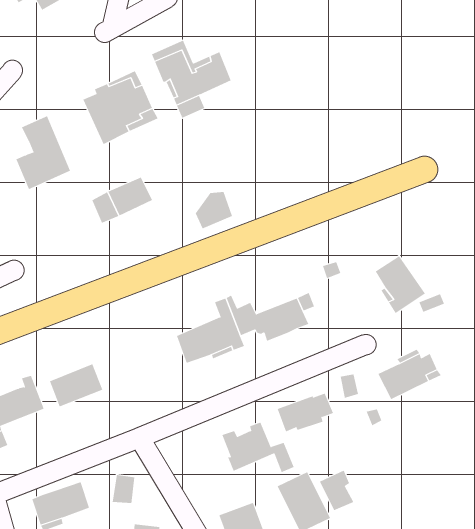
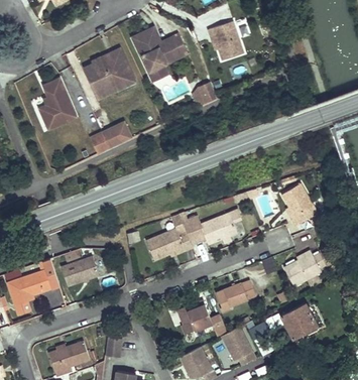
building: none -> [210,17,245,56]
building: [195,191,233,229] -> [190,84,216,110]
building: none -> [280,304,319,341]

